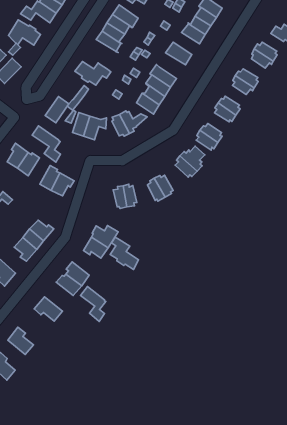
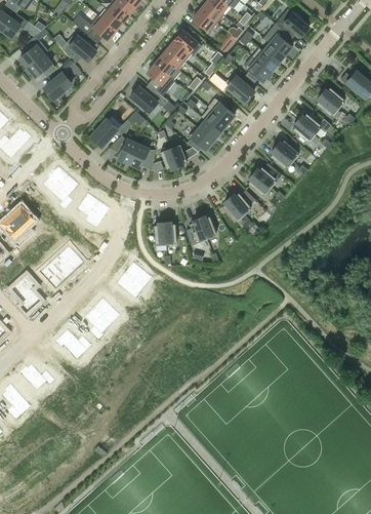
building: none -> [148,64,176,96]
building: [32,126,60,162] -> none
building: [110,237,138,269] -> none
building: [81,287,106,321] -> none

